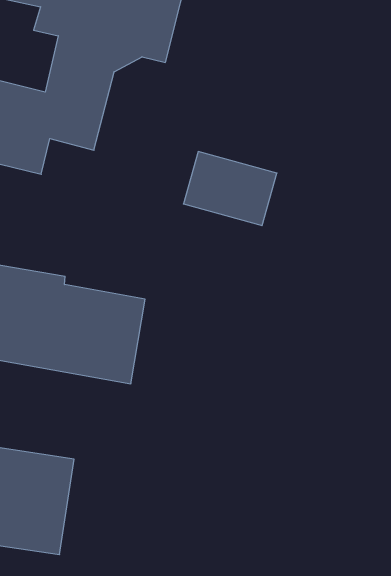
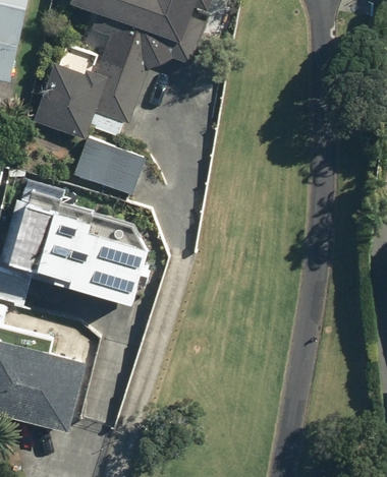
building: [183,152,277,226] -> [72,137,146,198]

